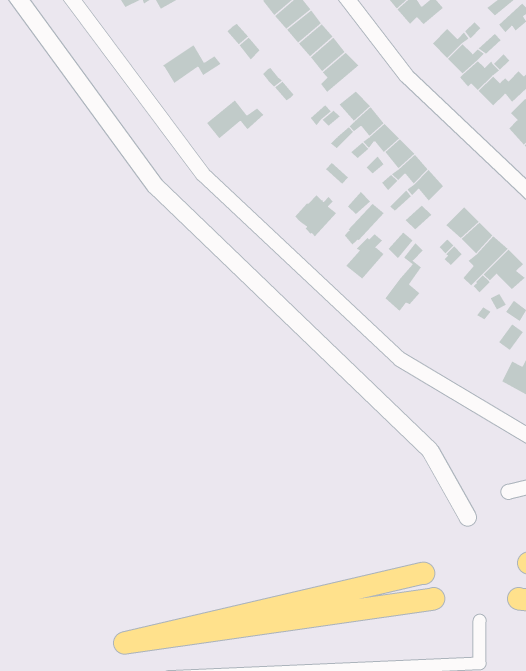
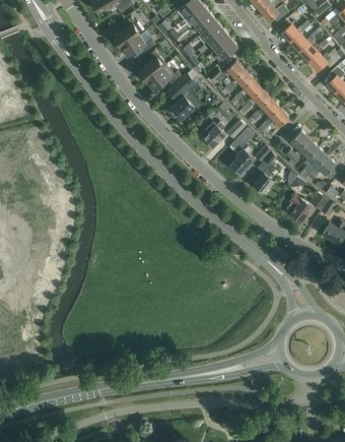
building: none -> [114,17,140,48]
building: none -> [139,51,166,82]
building: none -> [168,74,195,119]
building: none -> [287,196,313,223]

